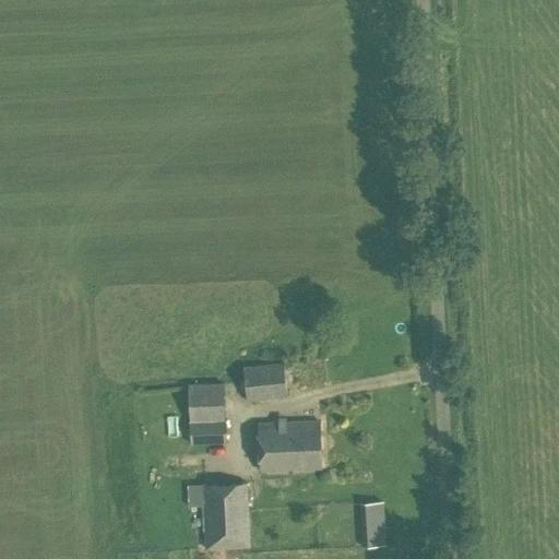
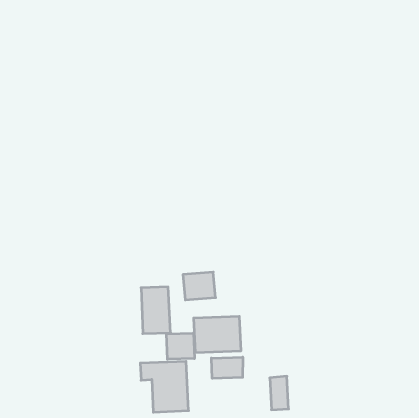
building: none -> [166,333,194,359]
building: none -> [211,357,243,378]

